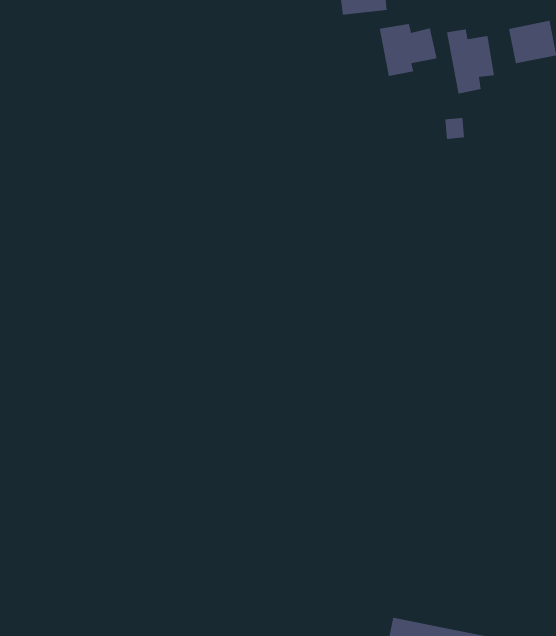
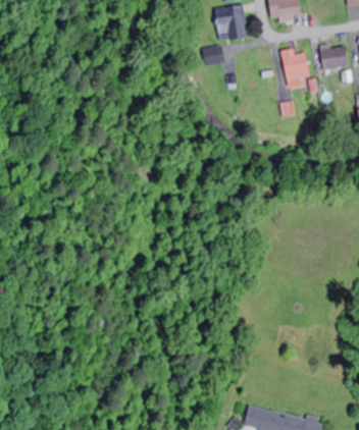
building: [379,23,437,77] -> none

